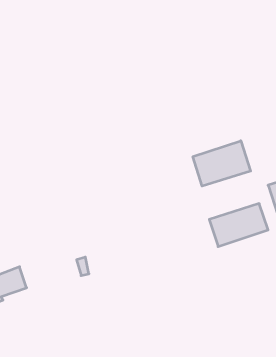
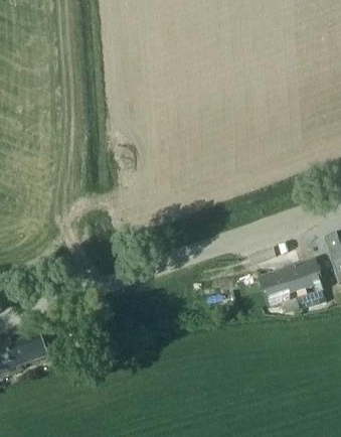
building: [193,141,251,186] -> none

